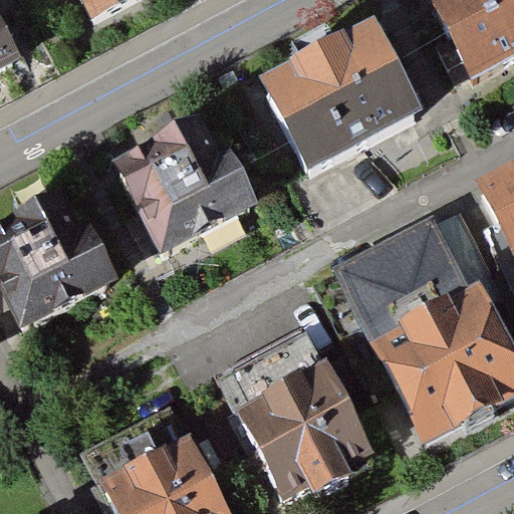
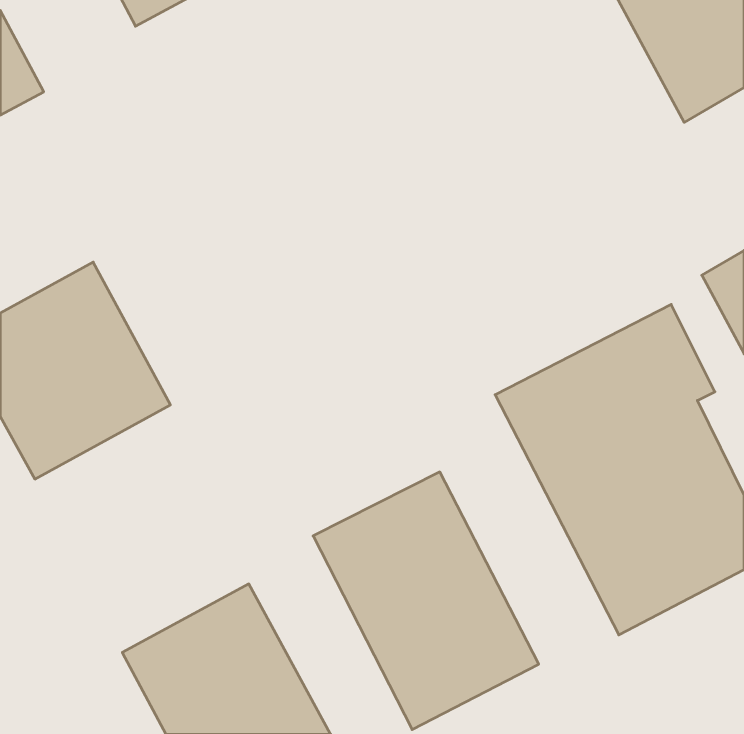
building: [262,24,420,176] -> none
building: [109,113,254,256] -> none

